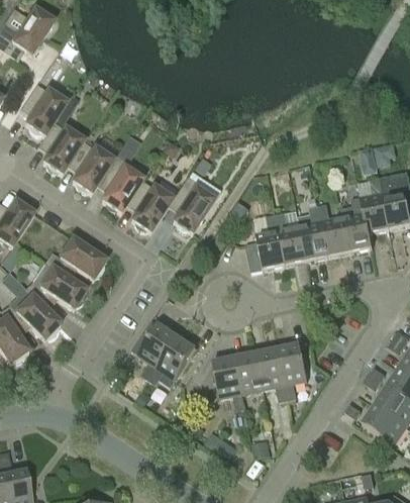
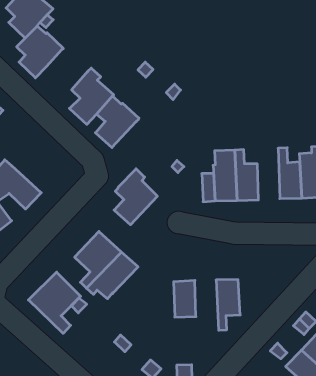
building: [71,140,113,193] -> none
building: [171,175,214,232] -> [114,169,157,225]
building: [298,204,328,260] -> none
building: [44,237,106,279] -> none
building: [257,347,289,400] -> none
building: [213,357,245,408] -> none
building: none -> [28,272,81,333]

